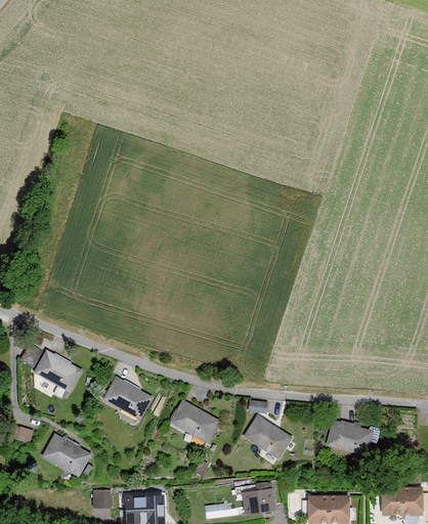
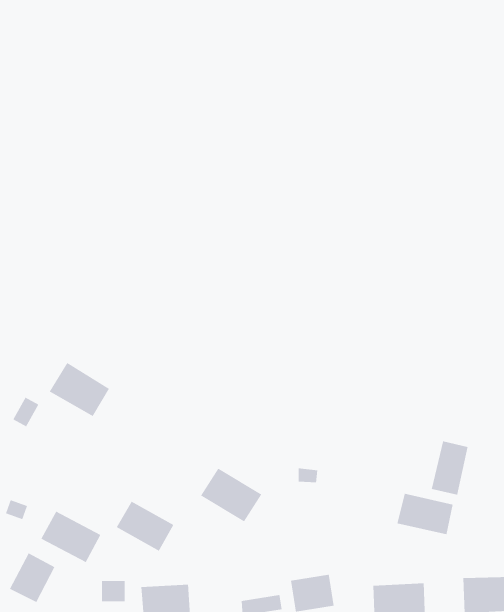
building: [33,350,82,394] -> [49,362,110,417]
building: none -> [431,441,468,495]
building: [103,379,151,420] -> [116,501,174,551]
building: [244,414,295,460] -> none
building: none -> [9,552,55,603]

